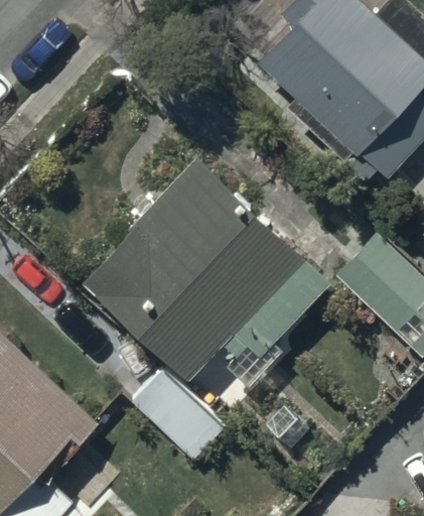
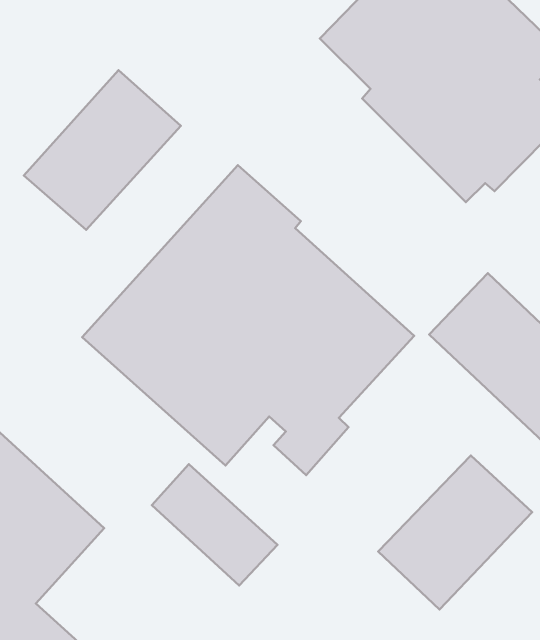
building: none -> [24,70,181,230]
building: none -> [378,455,532,609]

